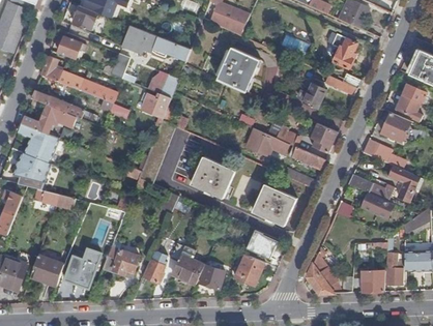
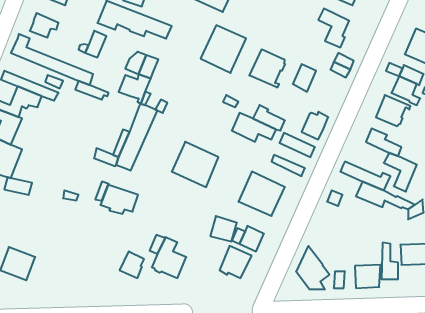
building: none -> [249,49,285,88]
building: [104,245,139,272] -> [100,185,138,214]
building: [64,256,96,286] -> none
building: [199,264,224,288] -> [210,216,237,242]

